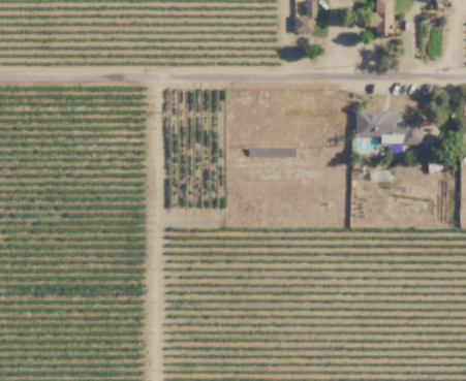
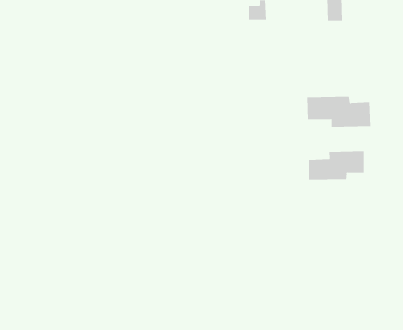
building: none -> [308,151,364,181]

